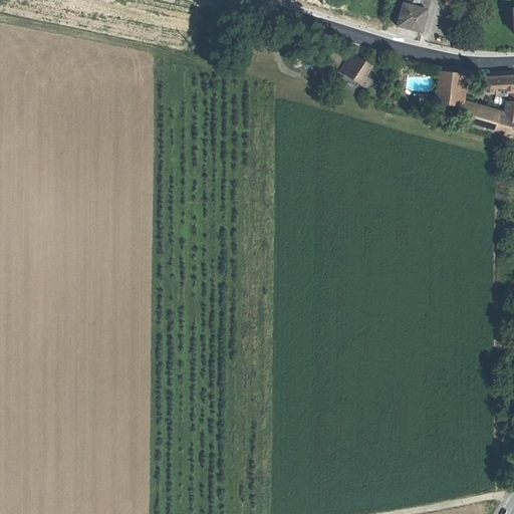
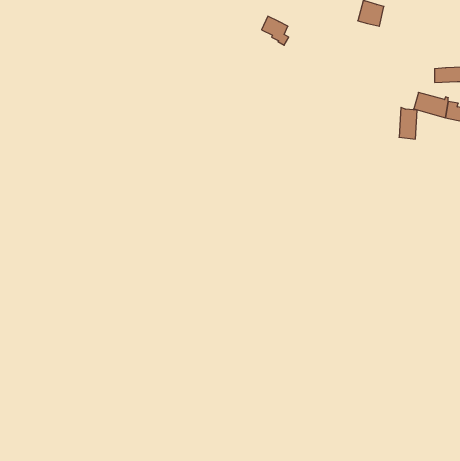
building: [342,55,372,87] -> [262,16,289,45]
building: [441,68,461,103] -> [399,107,417,139]

